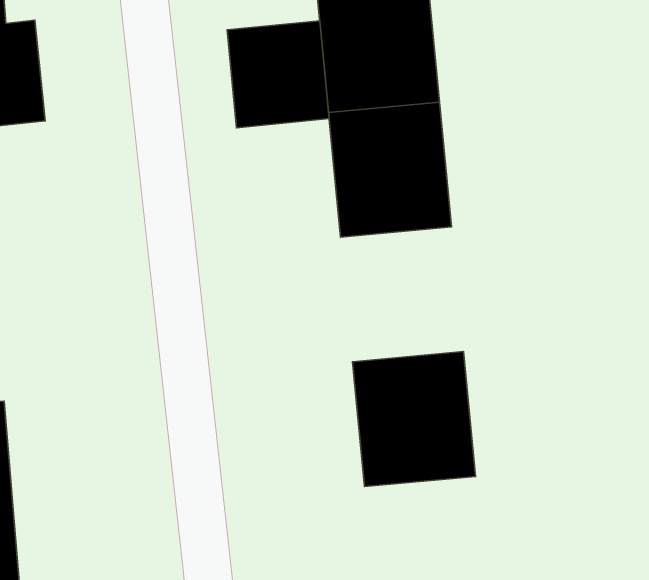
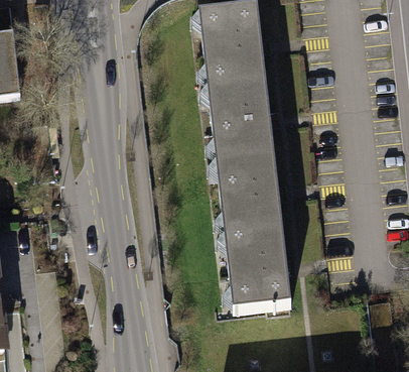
building: [227,21,329,128] -> none
building: none -> [209,150,281,230]

